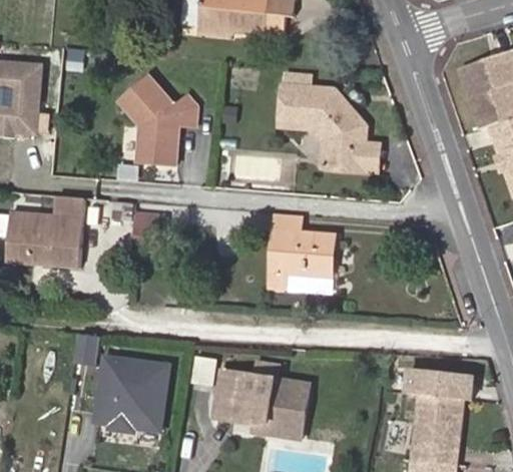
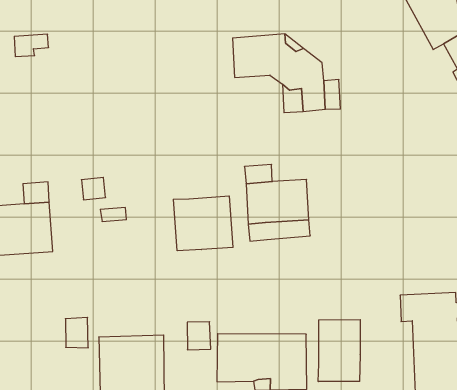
building: [121,71,202,162] -> none
building: none -> [173,196,233,251]
building: none -> [318,320,360,382]

